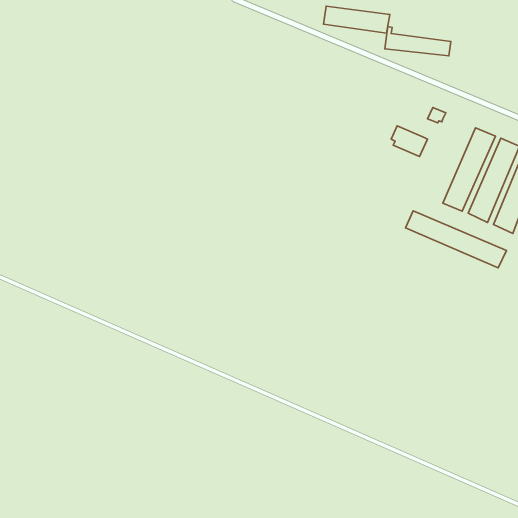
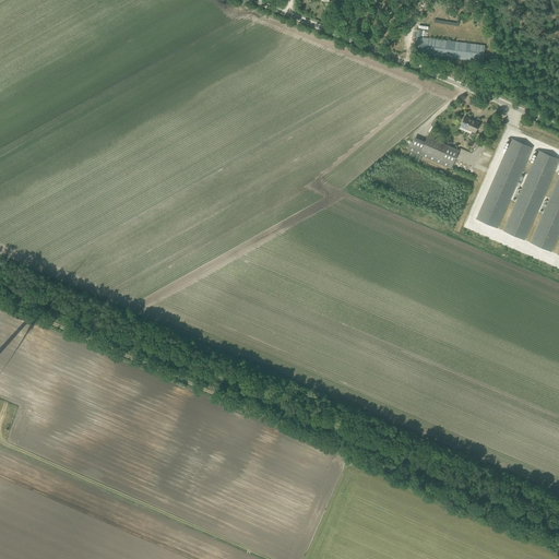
building: [324,6,390,33] -> none
building: [406,211,507,268] -> none

